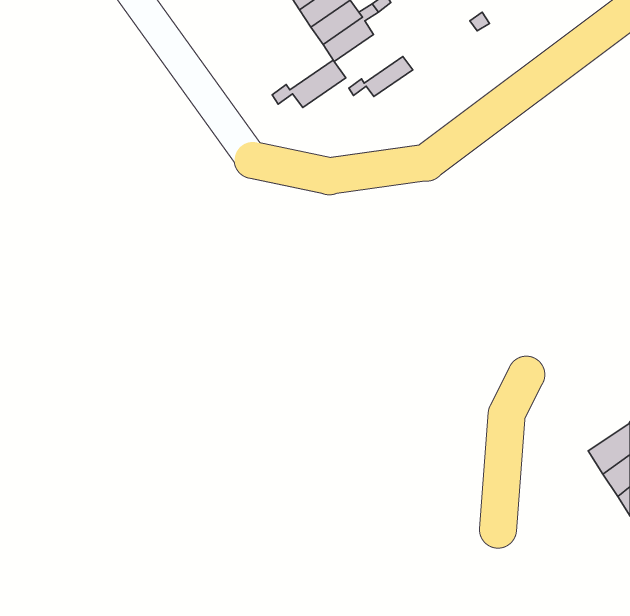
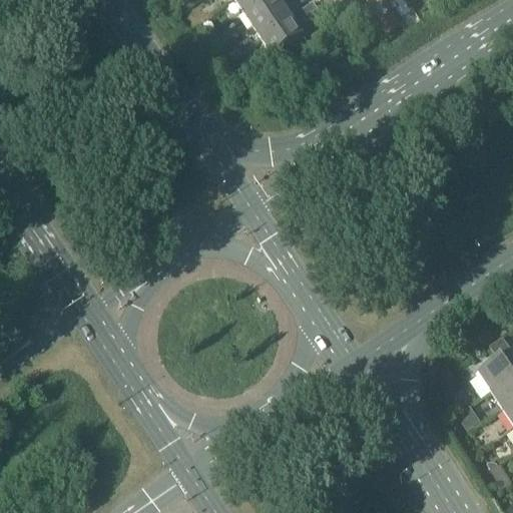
building: [349,57,413,96] -> none
building: [272,60,346,107] -> none

